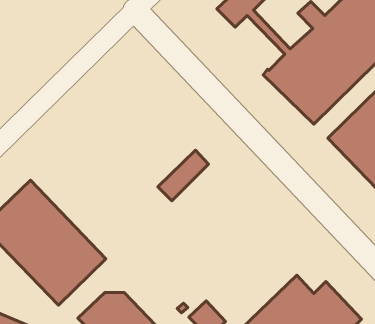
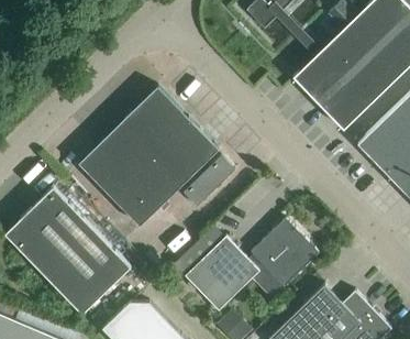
building: none -> [79,87,220,227]
building: none -> [251,218,319,286]
building: none -> [186,236,259,310]

